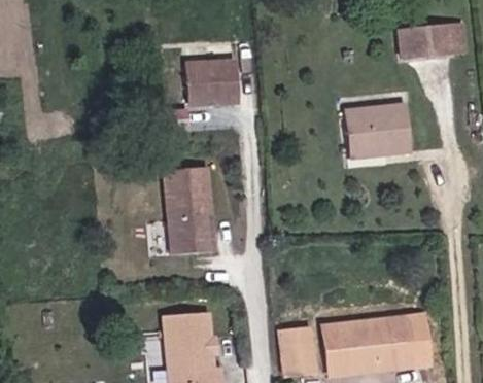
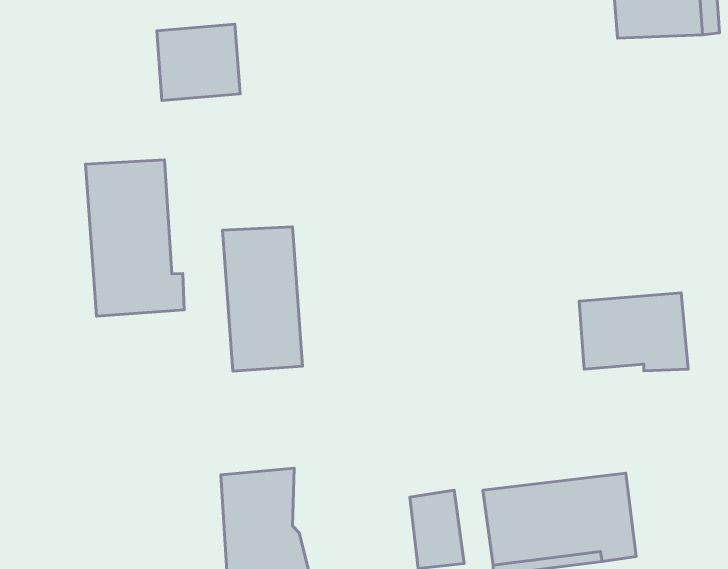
building: [184,61,235,107] -> [157,24,240,101]
building: [345,100,411,147] -> [579,293,688,371]
building: none -> [85,160,184,316]

